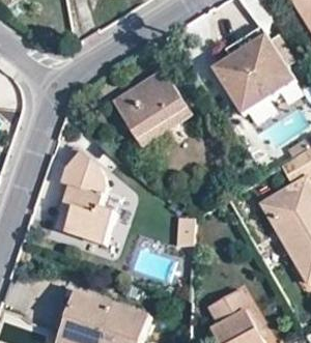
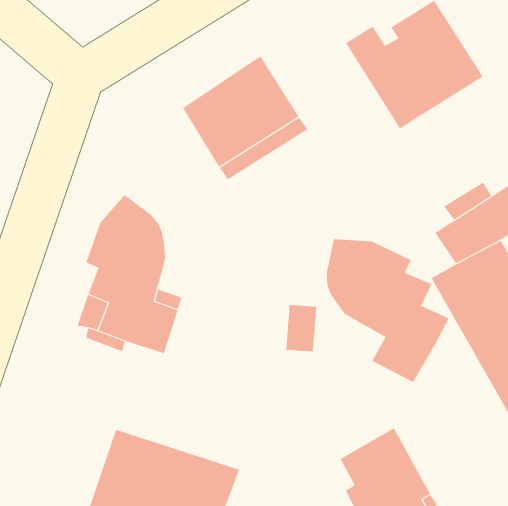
building: none -> [326,238,450,383]

